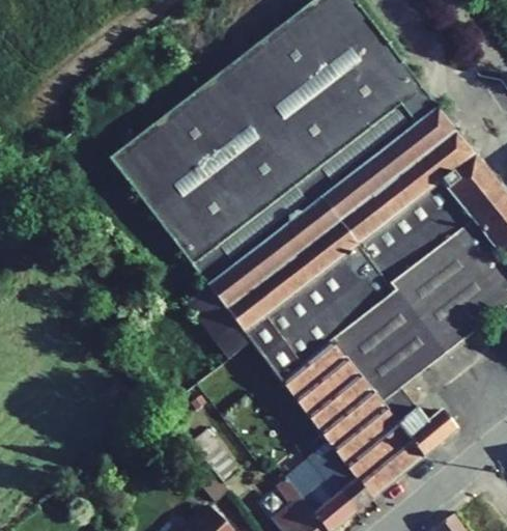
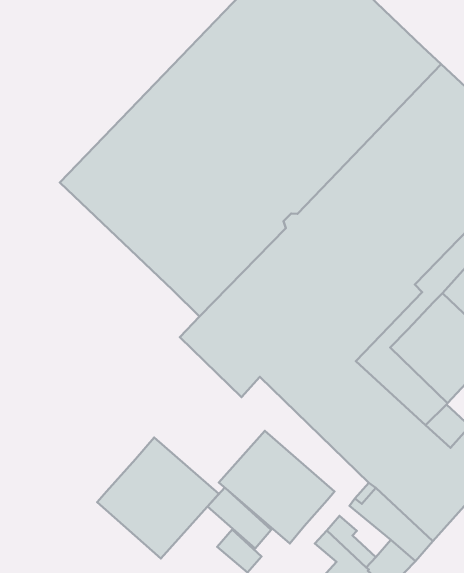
building: none -> [97,437,219,559]
building: none -> [219,431,335,544]

